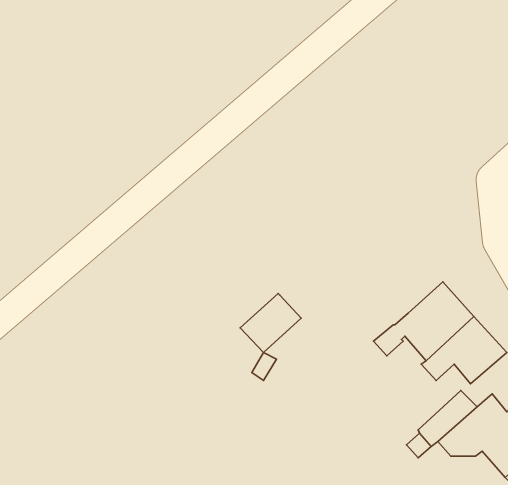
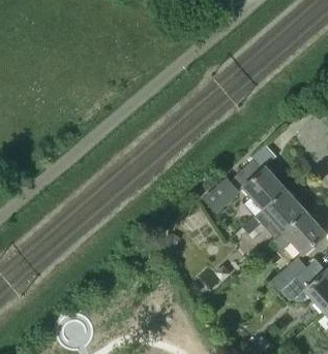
building: none -> [235,160,286,210]
building: [240,293,301,353] -> [203,178,241,215]

